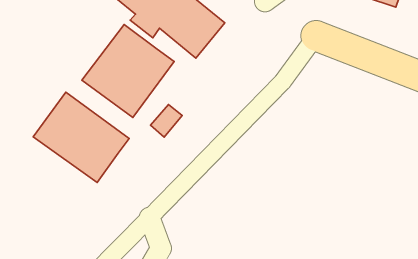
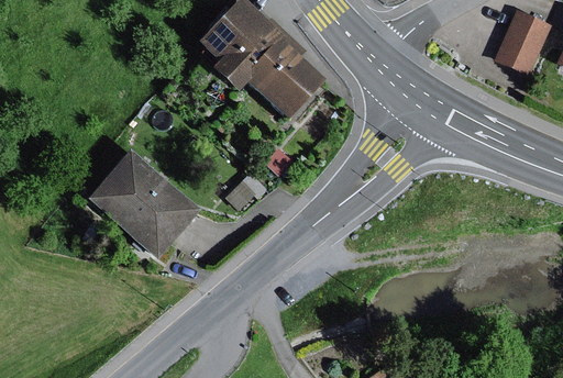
building: [82,25,174,118] -> none

